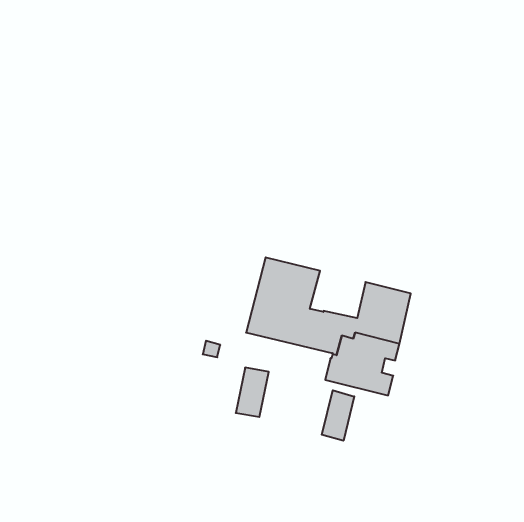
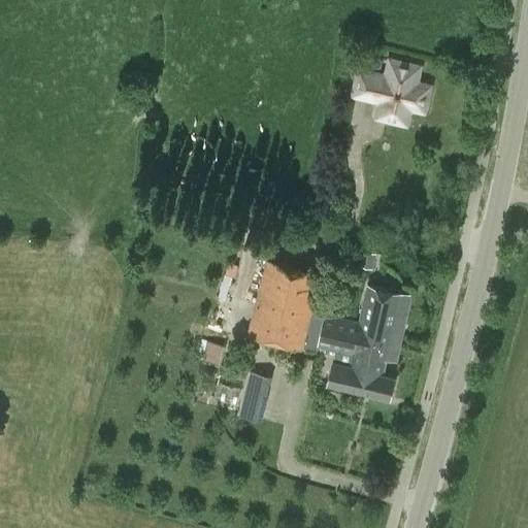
building: none -> [352,62,427,125]
building: [322,390,354,441] -> none

